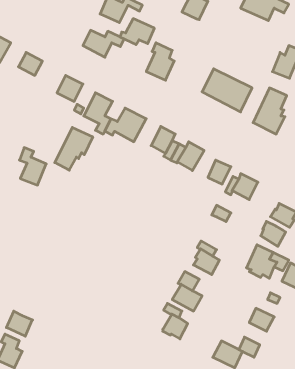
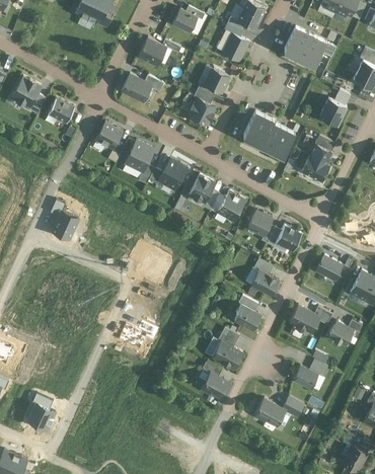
building: [120,19,154,45] -> [195,67,231,94]
building: [55,127,93,170] -> none
building: [261,221,286,246] -> [252,269,279,296]
building: [6,311,33,336] -> none

